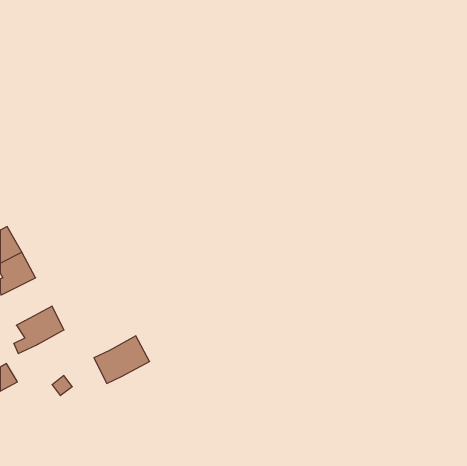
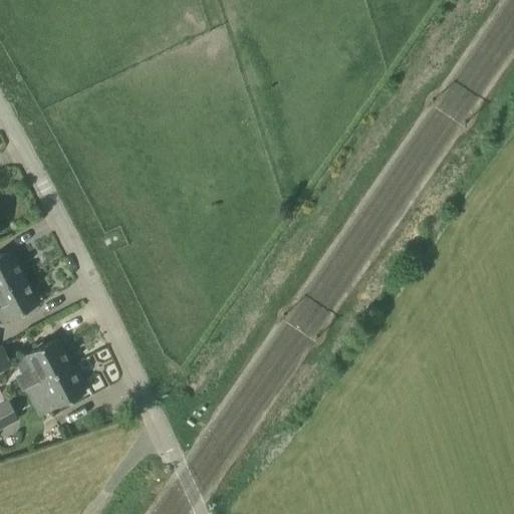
building: [94,336,150,383] -> [24,363,85,416]

